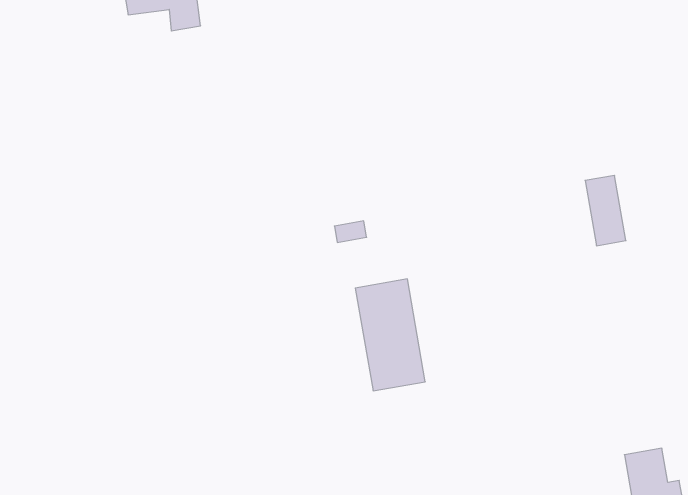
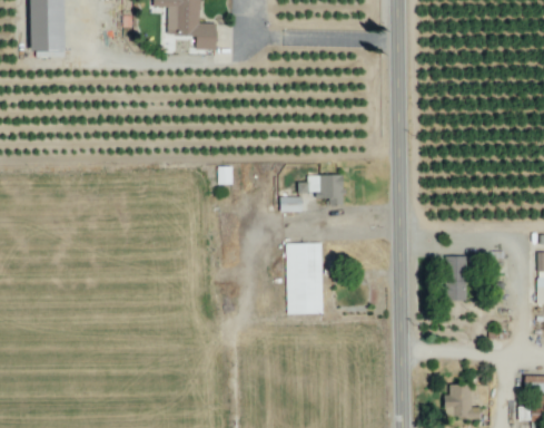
building: [585,175,626,246] -> [446,255,466,300]
building: none -> [298,175,343,204]

